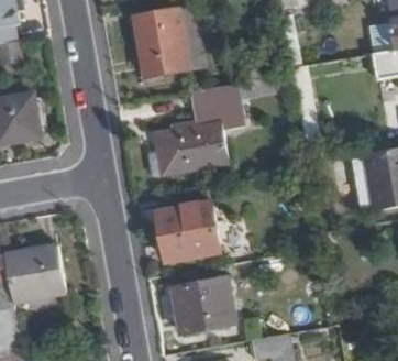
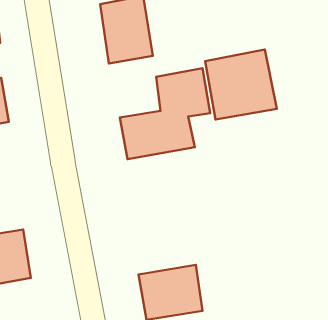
building: none -> [205,49,277,120]
building: [159,203,222,262] -> none

